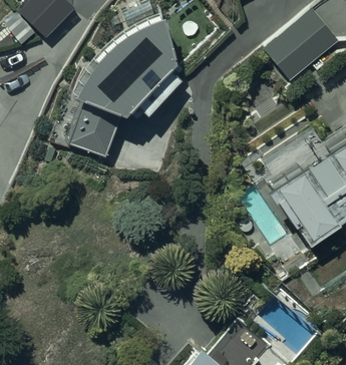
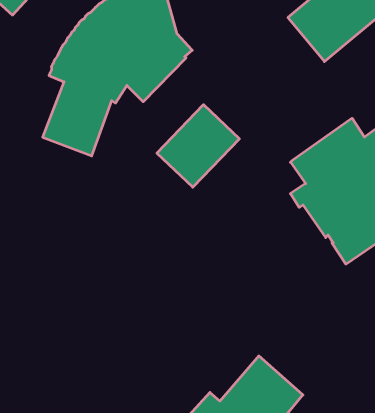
building: none -> [157,105,239,187]

